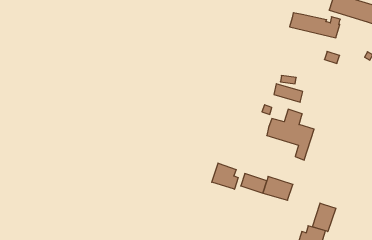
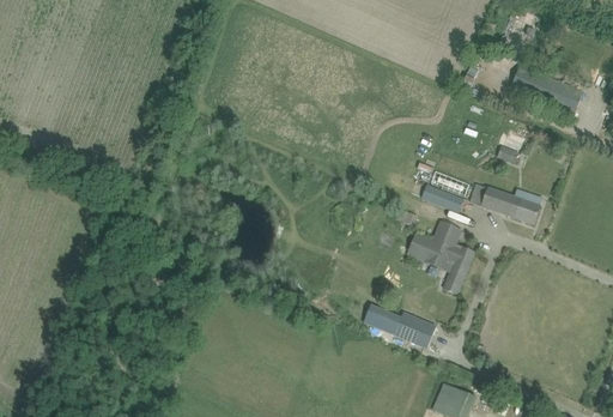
building: [290,13,340,38] -> [468,182,540,223]
building: [212,163,238,189] -> none
building: [313,203,336,232] -> none

